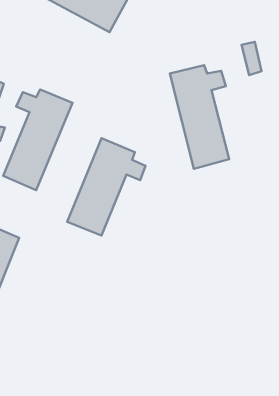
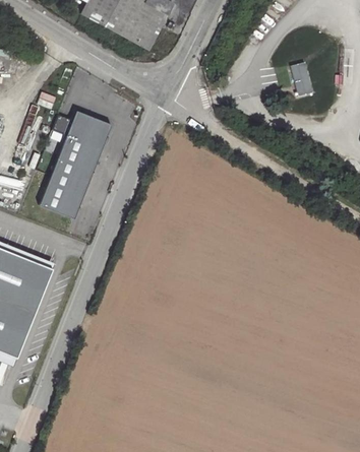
building: [170,65,229,169] -> none
building: [67,138,145,236] -> none

